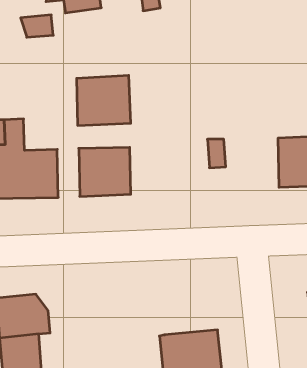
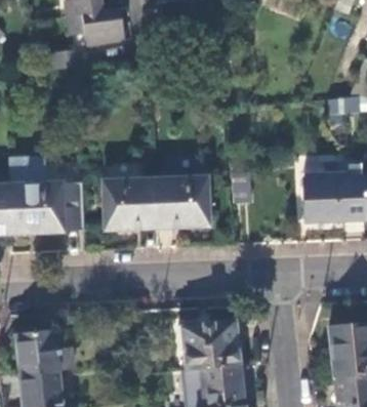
building: [77,75,131,125] -> [152,178,206,229]
building: none -> [179,320,240,370]

